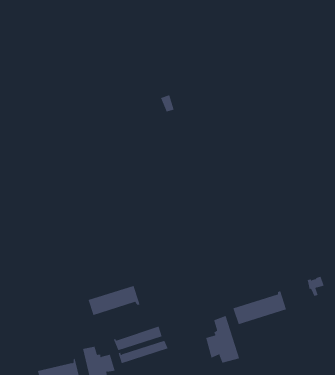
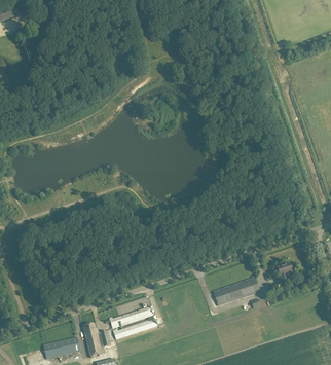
building: [88,285,140,316] -> none
building: [205,315,240,364] -> none

